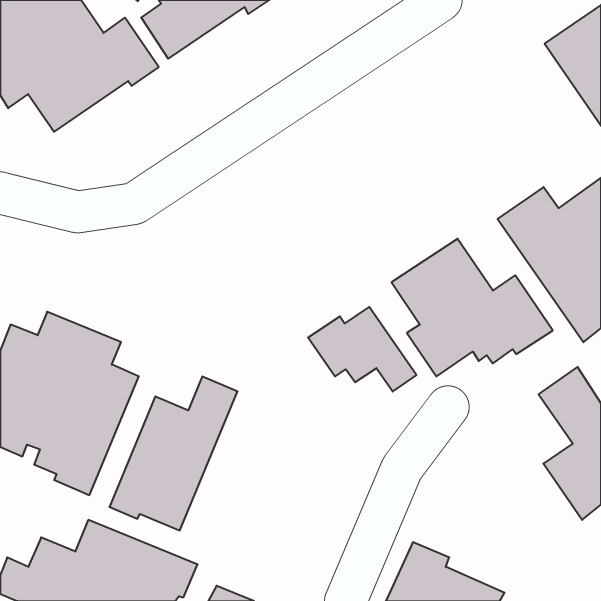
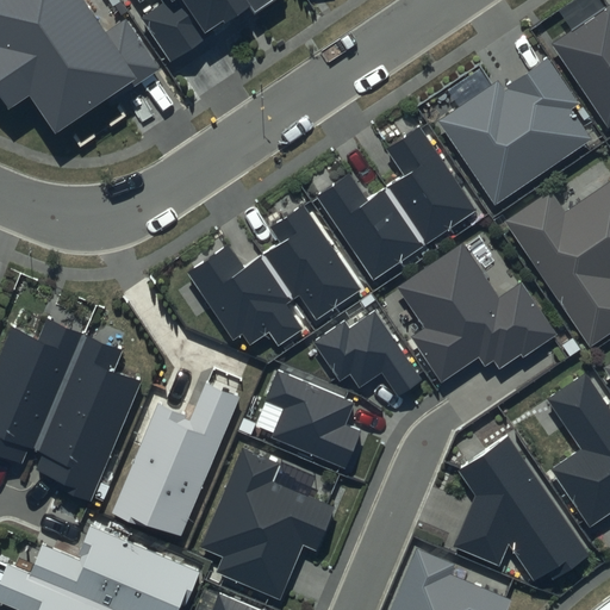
building: none -> [438,58,591,205]
building: none -> [316,129,475,280]
building: none -> [188,204,362,346]
building: none -> [266,371,360,468]
building: none -> [454,435,587,581]
building: none -> [200,447,334,599]

